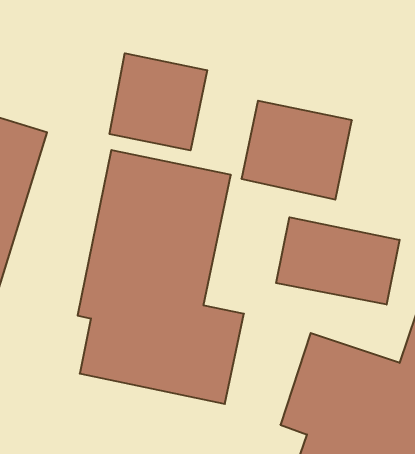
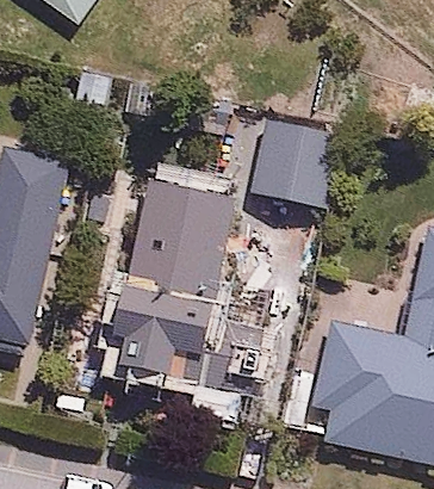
building: [110,53,207,150] -> none
building: [276,217,400,305] -> none

